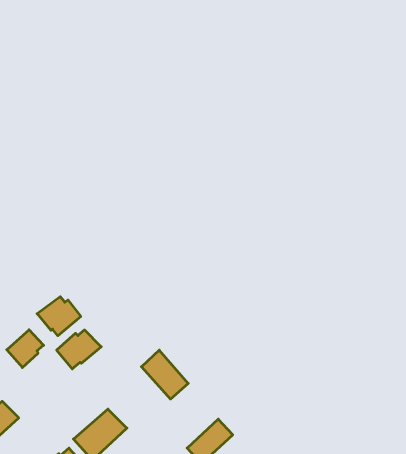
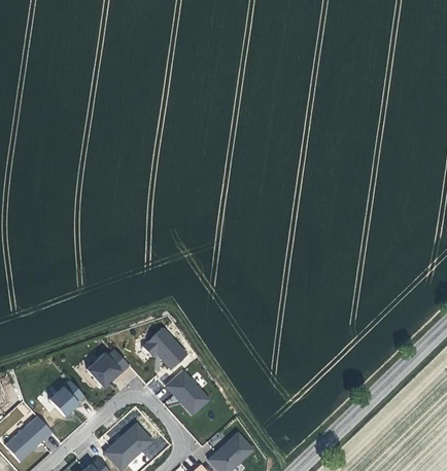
building: [37,297,81,336] -> none
building: none -> [144,329,186,370]
building: [7,330,44,368] -> [49,382,83,416]

